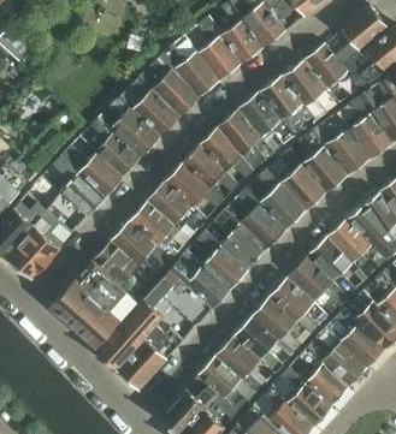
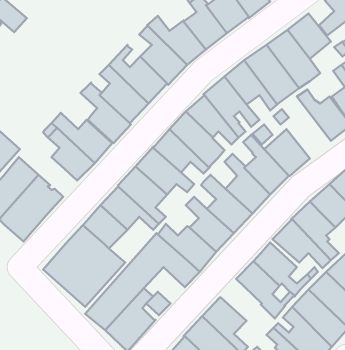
building: [301,130,347,194] -> none
building: [232,317,282,374] -> none

